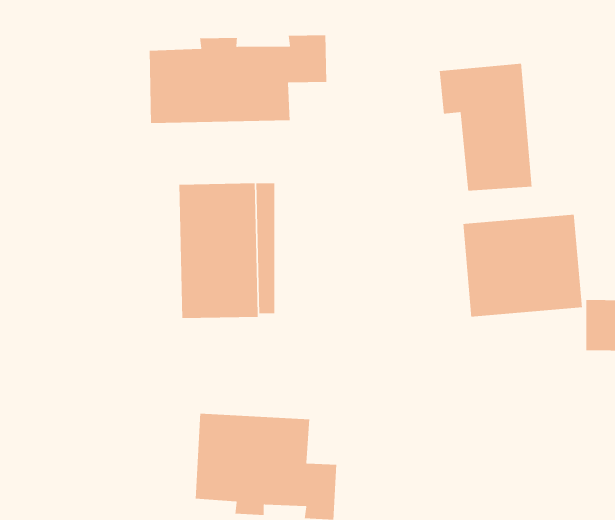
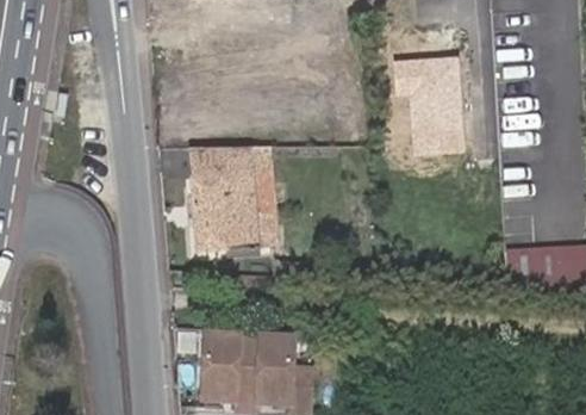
building: [149,35,327,124] -> none
building: [462,214,583,318] -> none

